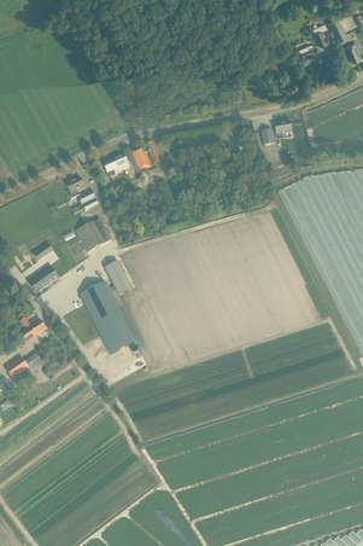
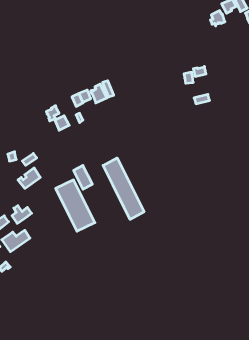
building: [76,217,111,251] -> none
building: none -> [103,158,144,219]

